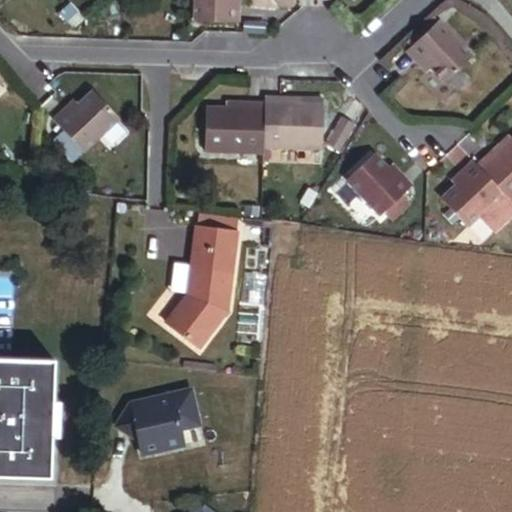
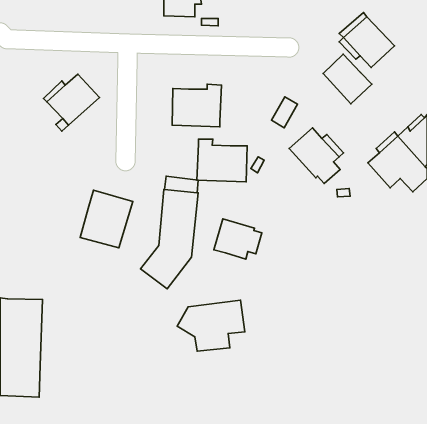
building: none -> [323,54,372,104]
building: [263,96,323,147] -> [197,139,247,182]
building: none -> [80,190,133,248]
building: none -> [214,219,262,259]
building: [117,402,198,463] -> [177,300,245,351]

